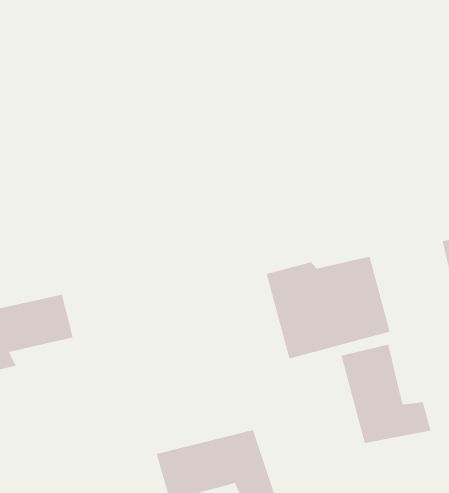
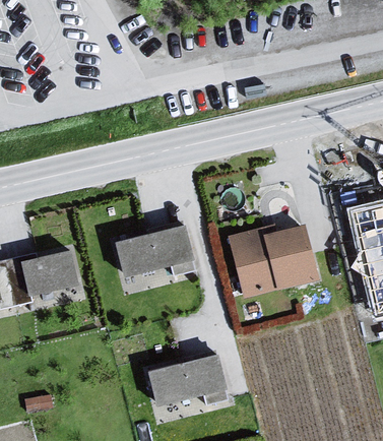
building: none -> [111,228,198,279]
building: [341,344,431,444] -> none

